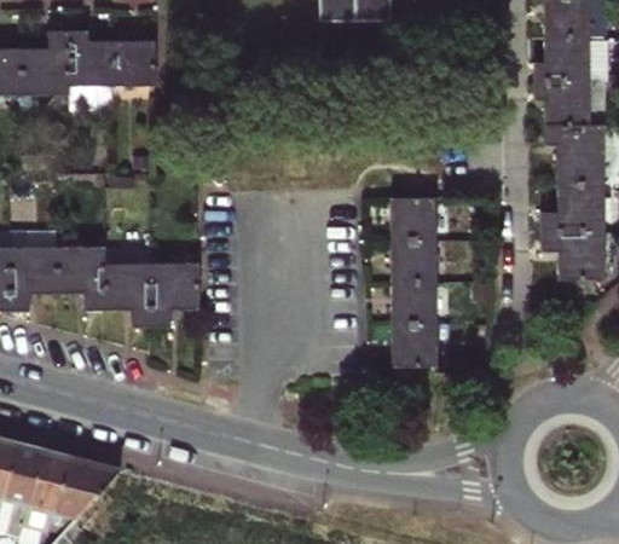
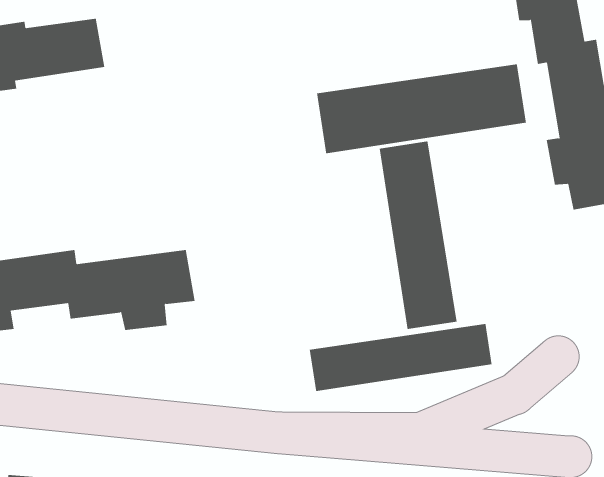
building: none -> [316,63,527,154]
building: none -> [309,323,492,392]

